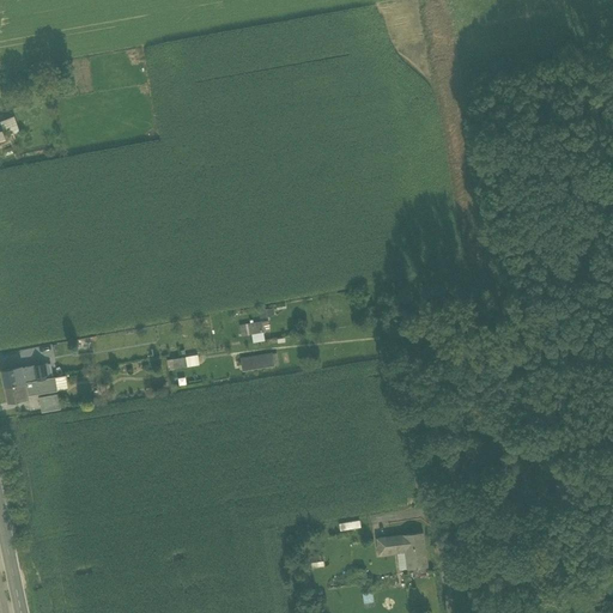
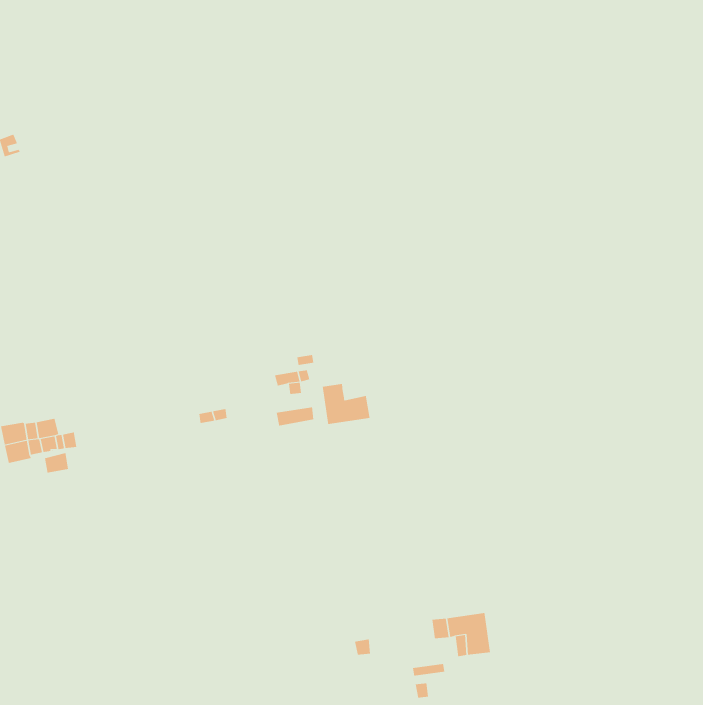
building: none -> [322,383,370,425]

